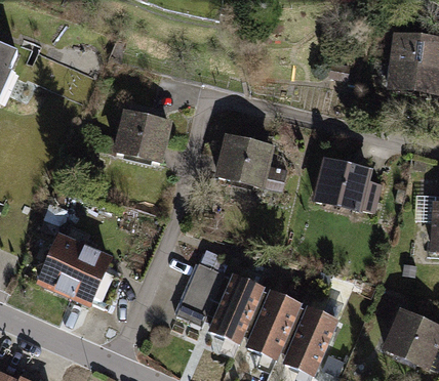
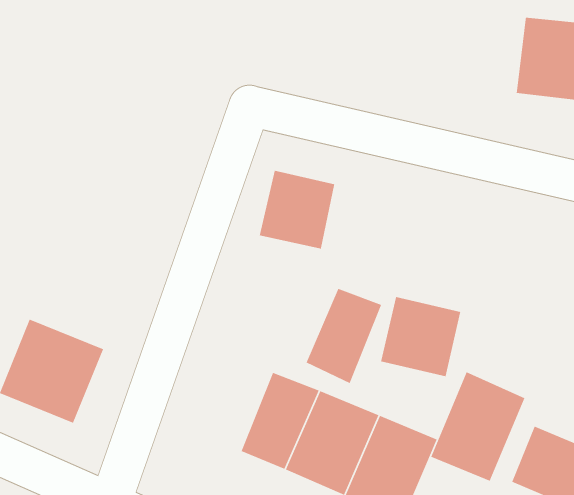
building: [115,111,169,164] -> none
building: [316,157,370,211] -> [380,296,461,377]
building: [175,261,227,326] -> [306,288,382,384]
building: none -> [430,371,525,482]

